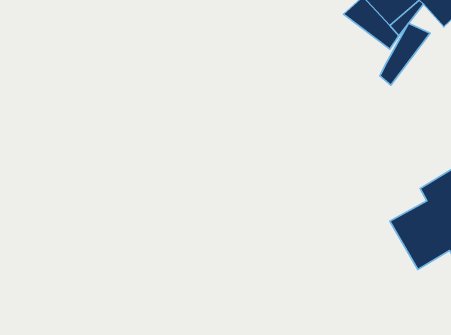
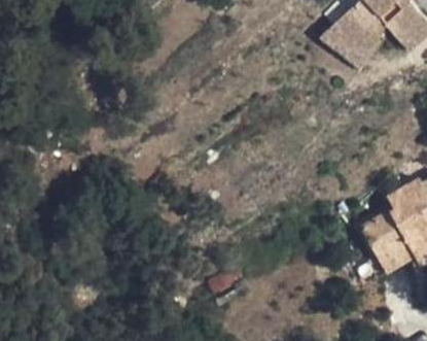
building: [380,23,430,85] -> none

